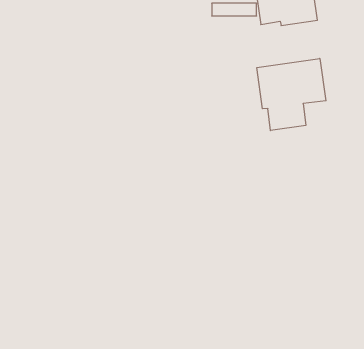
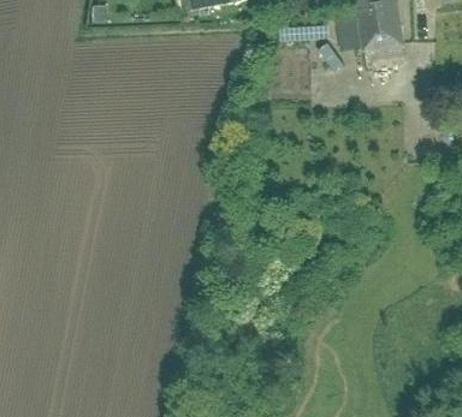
building: [257,58,326,131] -> none

